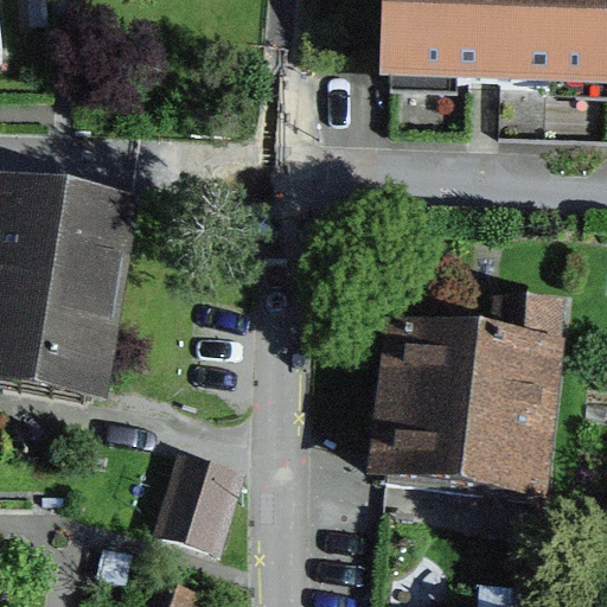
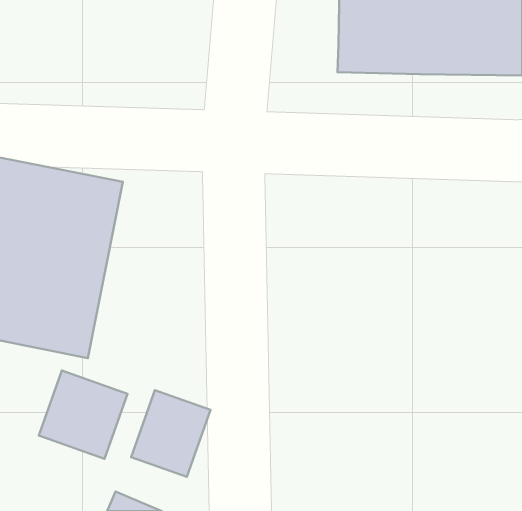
building: [373,325,558,492] -> none
building: none -> [39,371,128,459]

